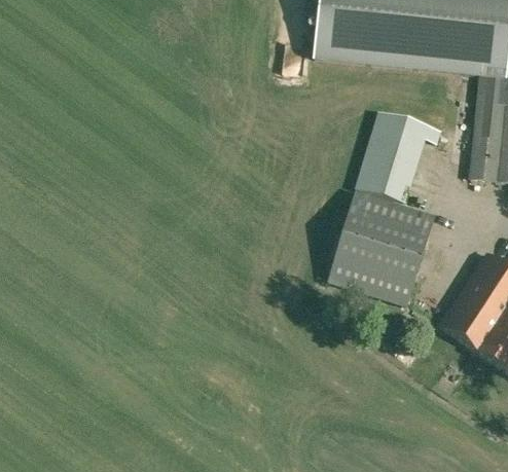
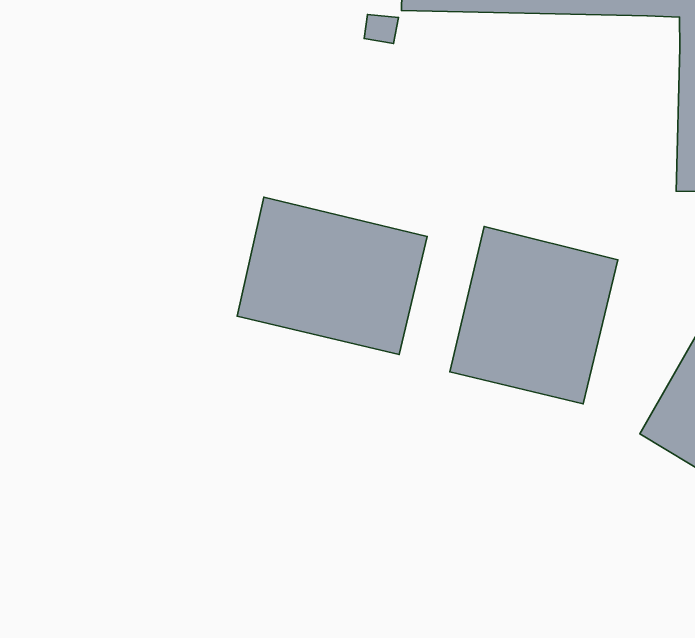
building: [364,109,448,199] -> none
building: none -> [237,197,427,355]

